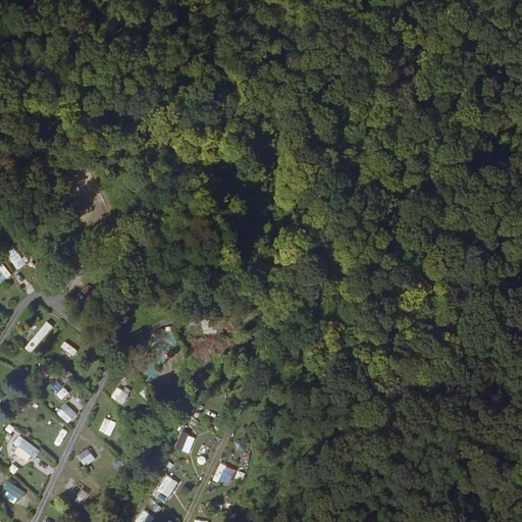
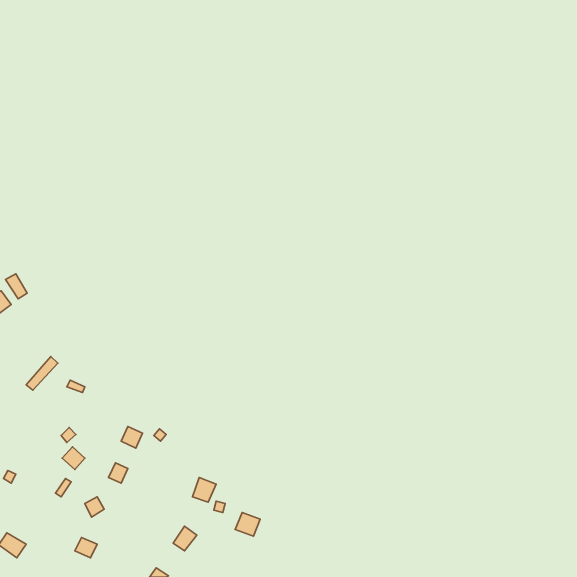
building: [11,435,37,465] -> none

